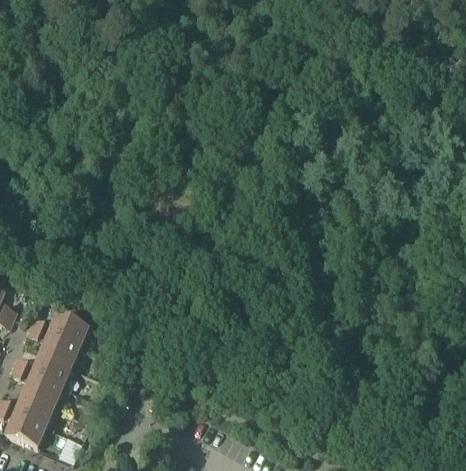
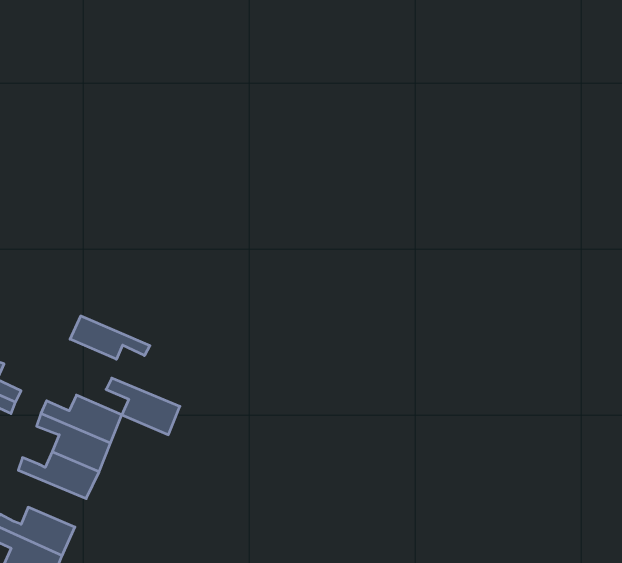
building: none -> [70,316,150,359]
building: [11,366,63,406] -> [106,378,180,435]

